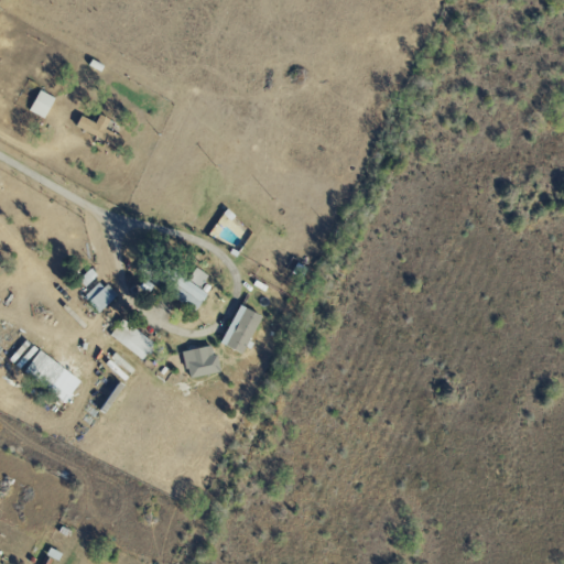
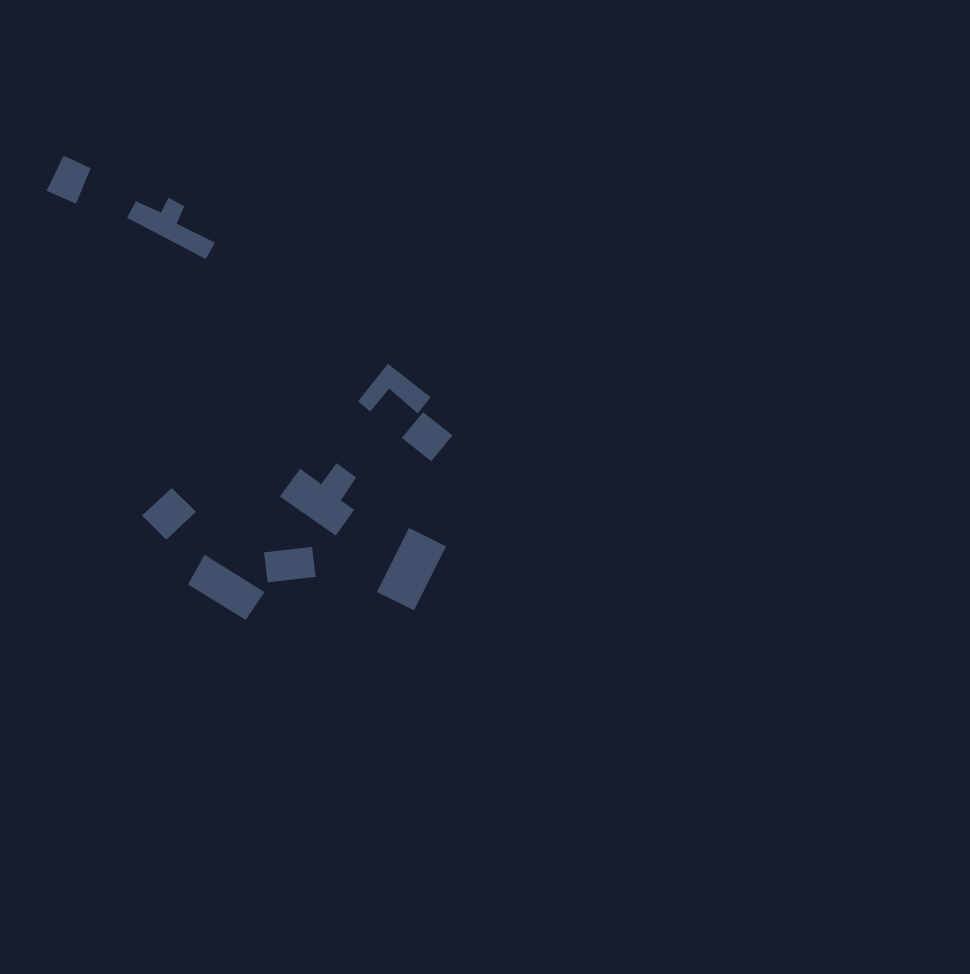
building: none -> [401,411,454,462]
building: [10,339,80,403] -> none
building: [184,347,215,368] -> [263,546,317,583]

